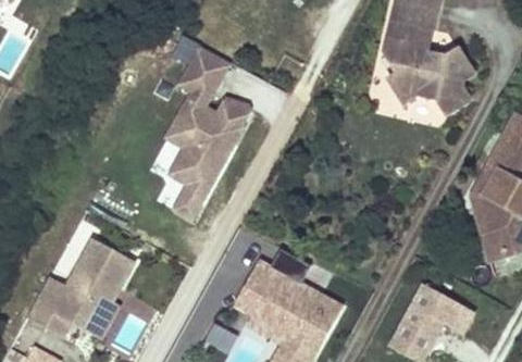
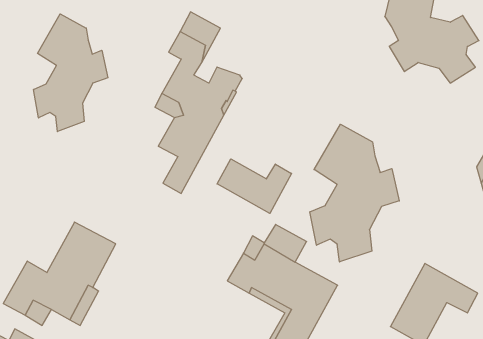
building: none -> [34,14,108,132]
building: none -> [310,124,399,262]
building: none -> [217,159,292,213]

